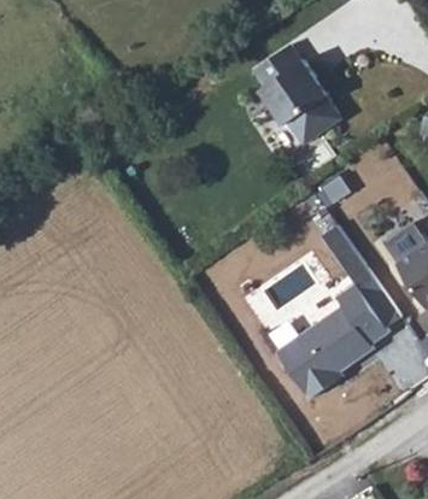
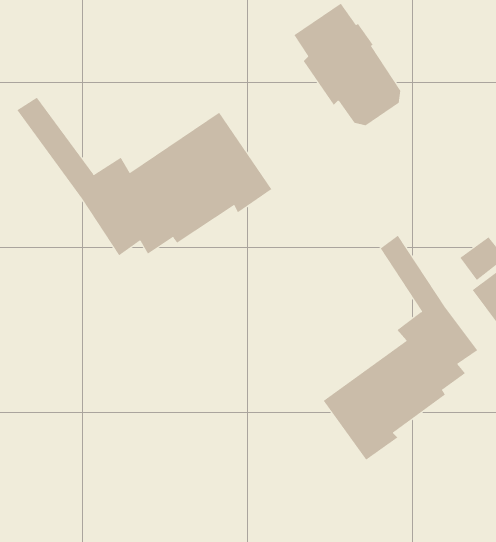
building: none -> [17,97,272,256]

